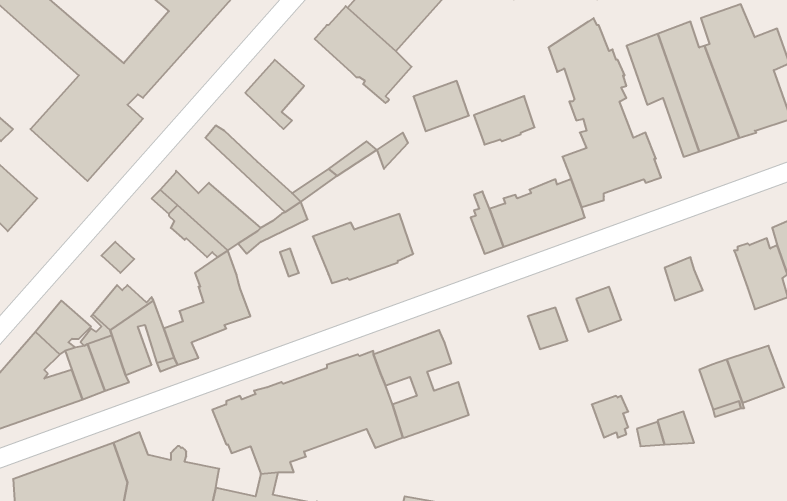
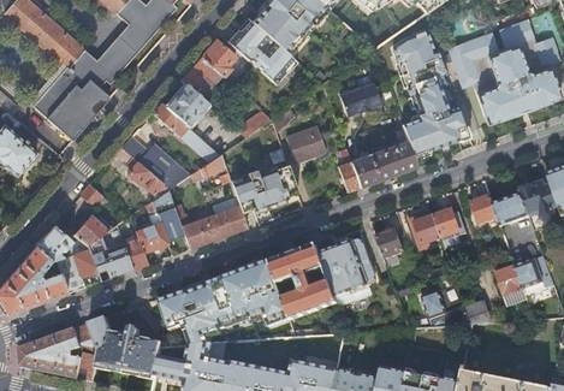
building: none -> [201,38,237,77]
building: [413,81,469,131] -> [286,126,325,161]
building: none -> [166,84,208,128]
building: none -> [492,191,529,226]
building: none -> [174,205,247,248]
building: none -> [433,207,461,237]
building: none -> [319,237,376,304]

